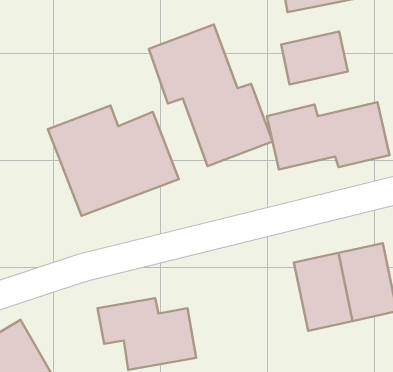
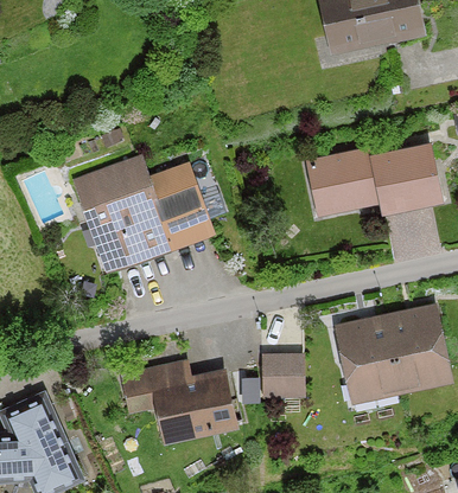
building: [149,24,273,166] -> none
building: [281,31,348,85] -> none
building: none -> [260,350,308,399]

